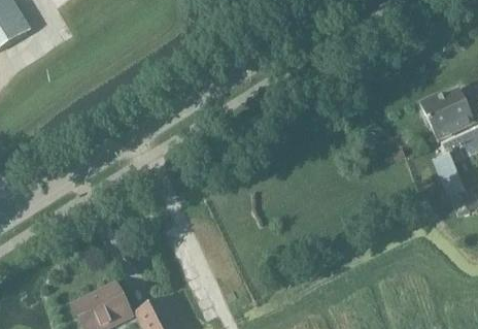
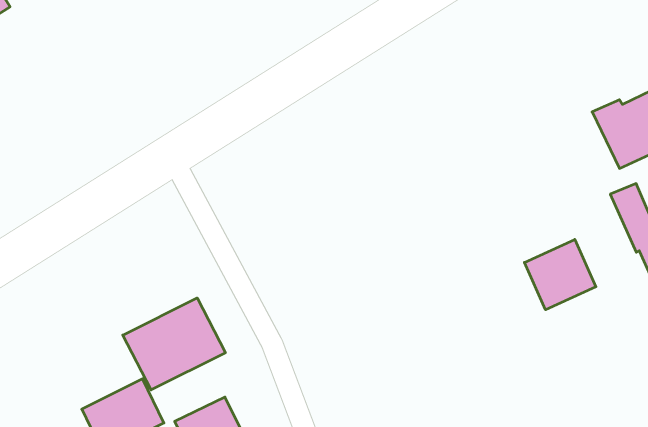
building: none -> [524,239,596,310]
building: none -> [123,298,225,390]

